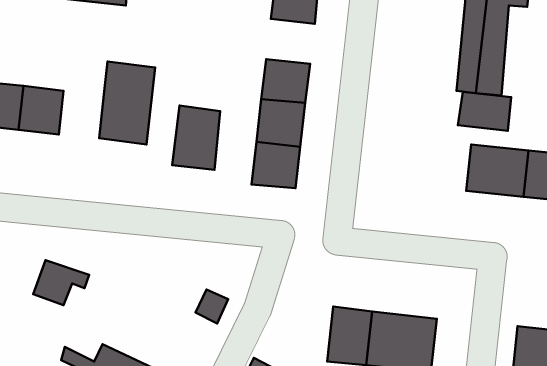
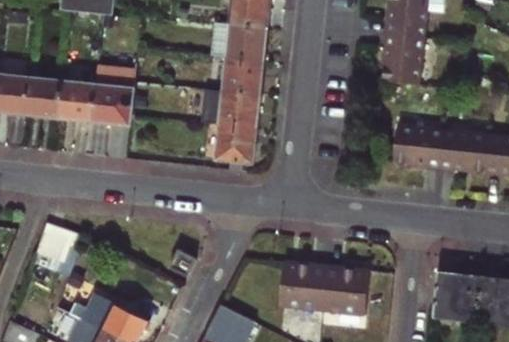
building: none -> [212,22,267,61]
building: none -> [57,83,94,122]
building: [458,92,511,131] -> none
building: [172,105,220,170] -> none

